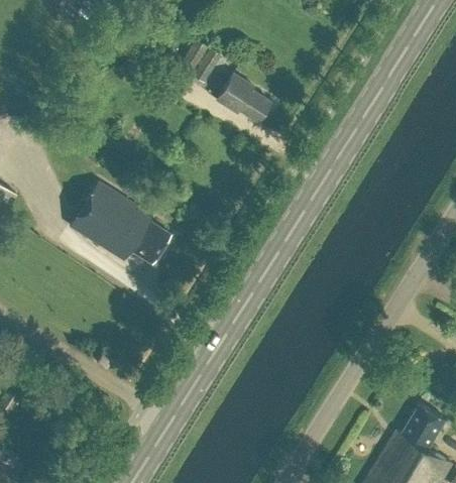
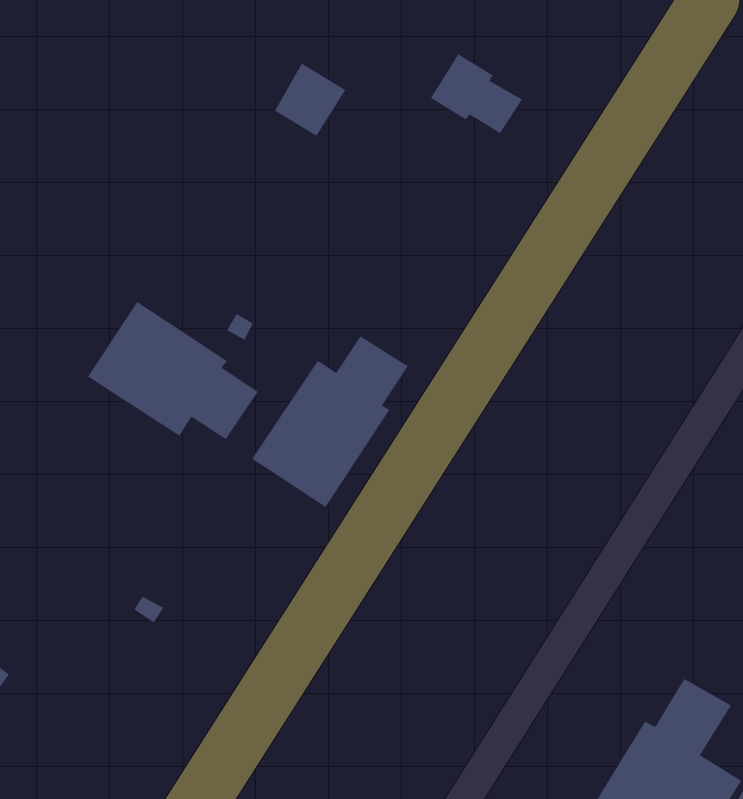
building: [216,74,270,121] -> [430,53,523,134]
building: none -> [251,335,409,508]

